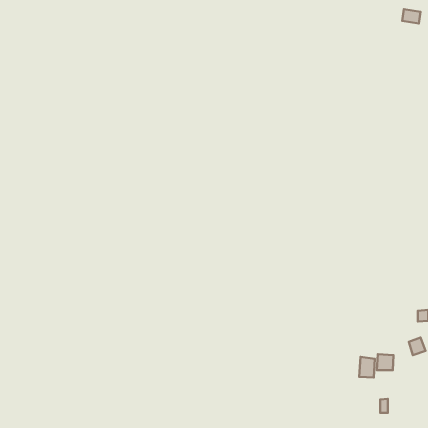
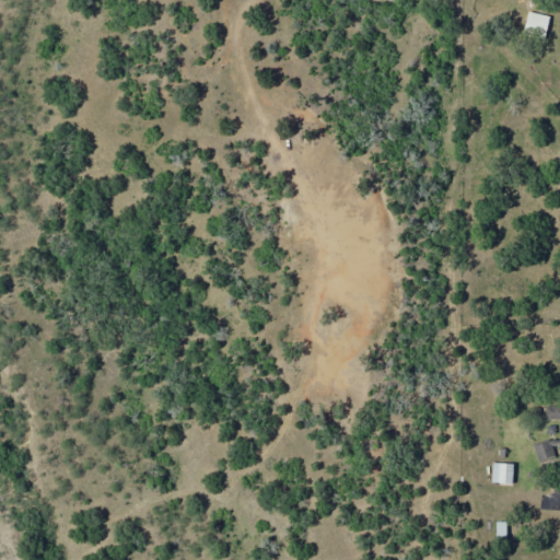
building: [359,357,375,378] -> none

